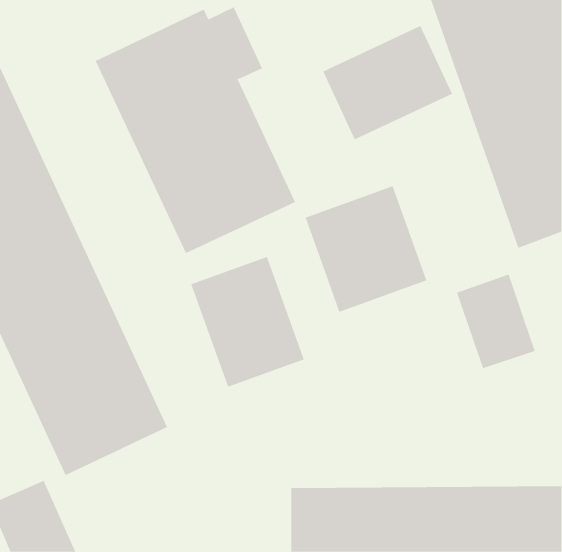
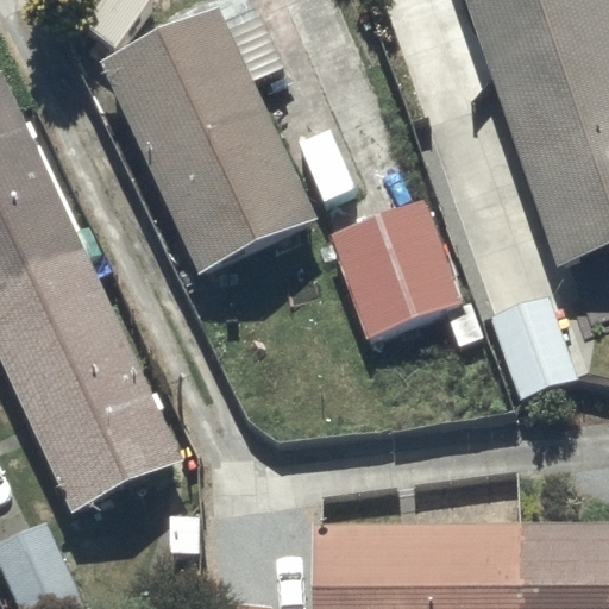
building: [322,25,453,140] -> none
building: [191,256,304,387] -> none

